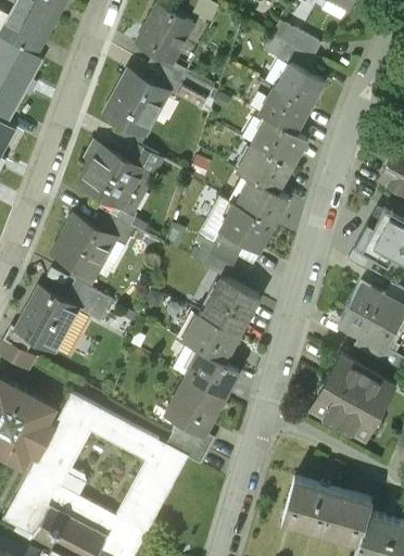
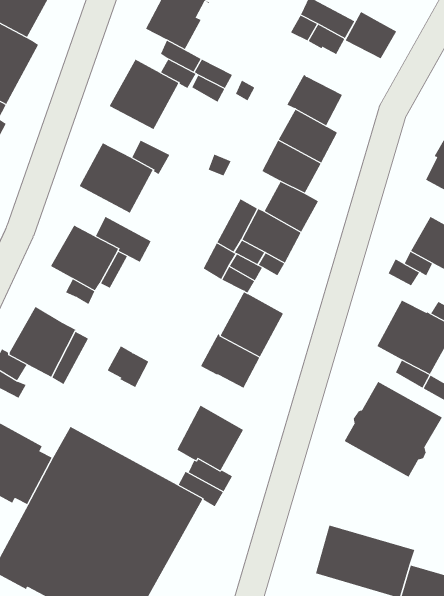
building: [277,64,323,105] -> [345,12,397,59]
building: [65,281,102,318] -> [107,345,149,388]
building: [185,349,238,396] -> none

